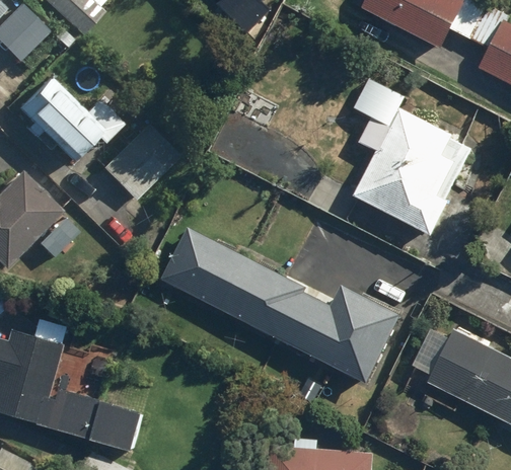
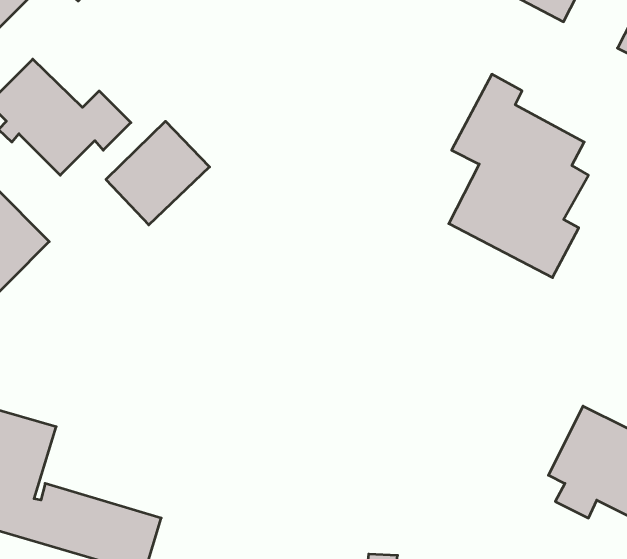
building: [160,227,403,384] -> none

